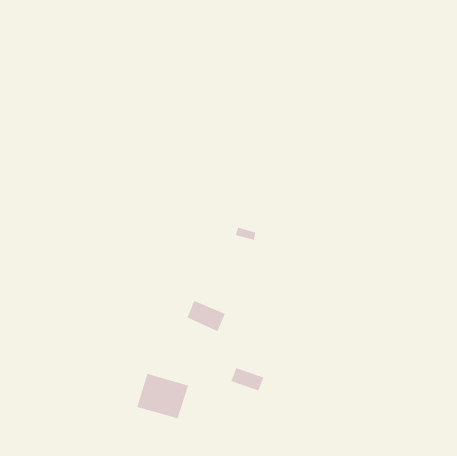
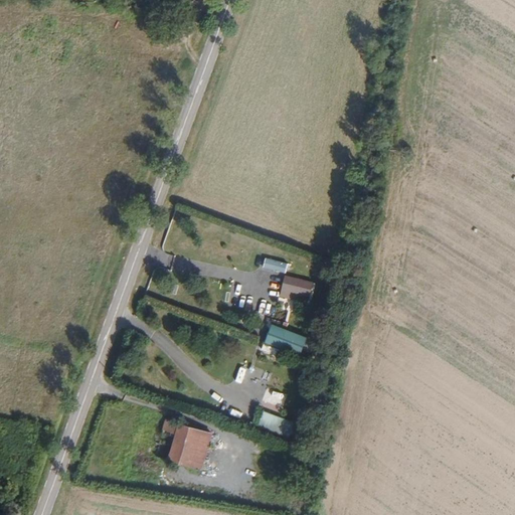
building: none -> [279,275,302,301]
building: [187,300,226,332] -> [266,323,310,359]

